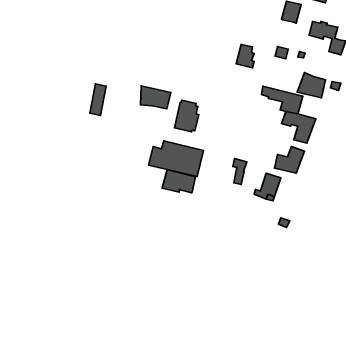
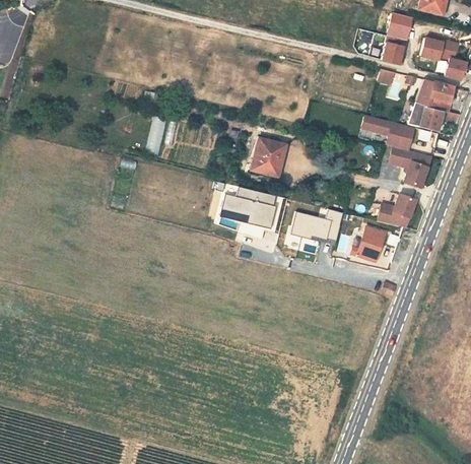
building: [236,44,254,68] -> [382,35,404,64]
building: none -> [415,78,454,112]
building: [140,86,171,109] -> none
building: [162,169,196,193] -> [289,210,331,240]

